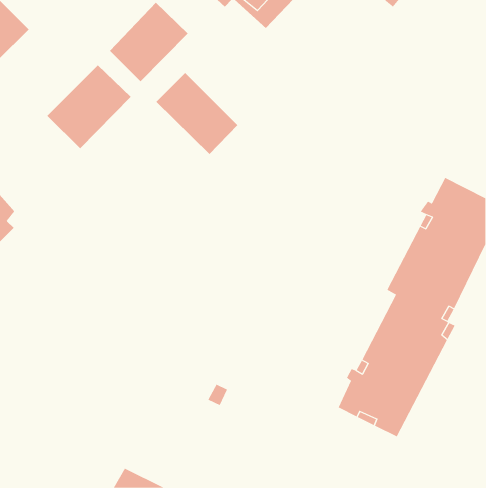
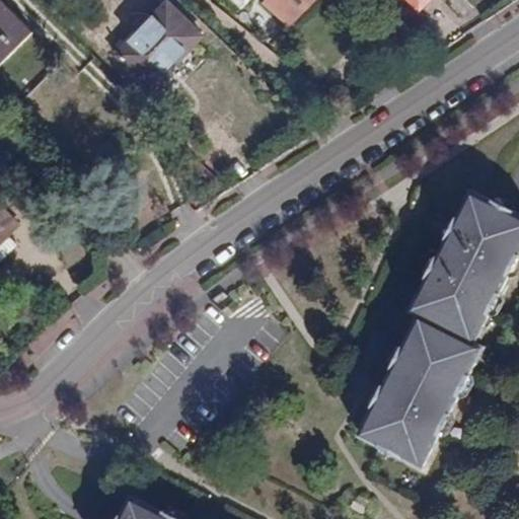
building: [46,64,132,149] -> none
building: [156,72,238,155] -> none

